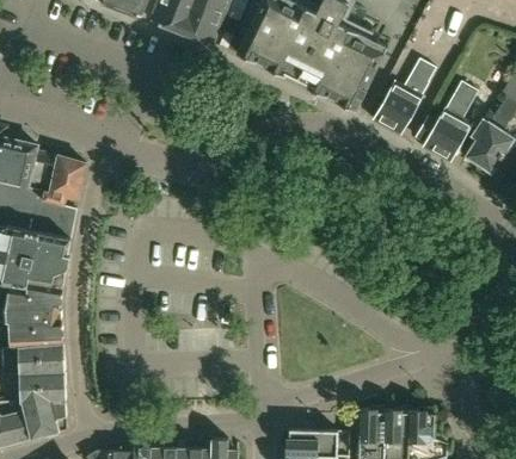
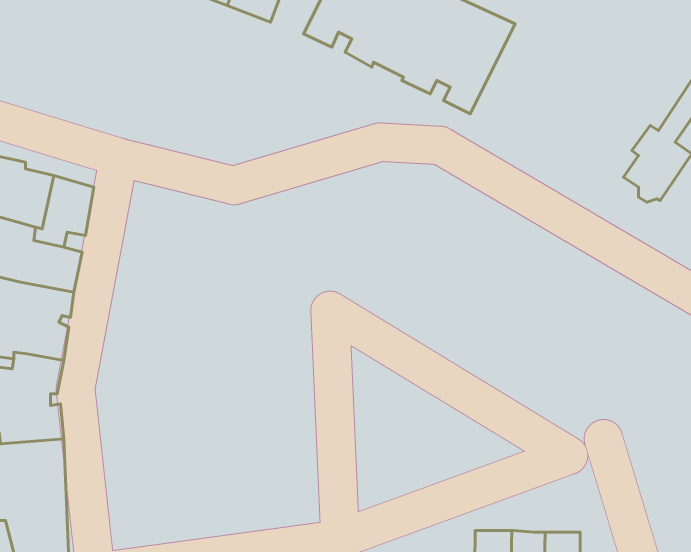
building: [373,57,435,134] -> none
building: [416,80,478,161] -> none

